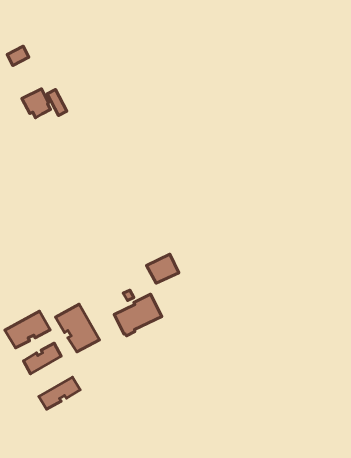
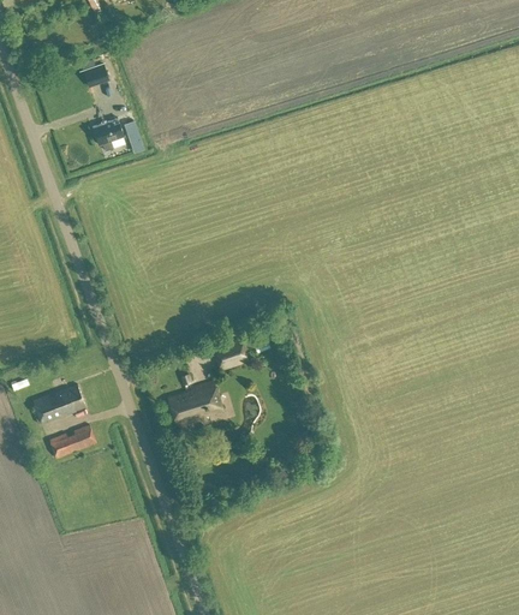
building: [56,304,99,352] -> none
building: [39,377,80,409] -> none

